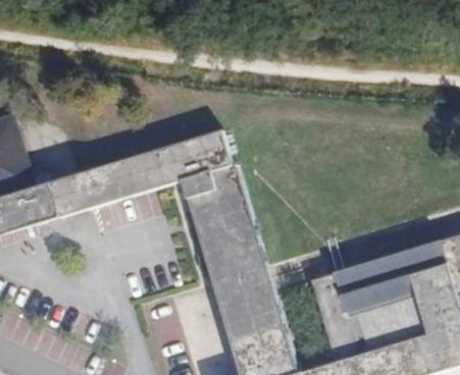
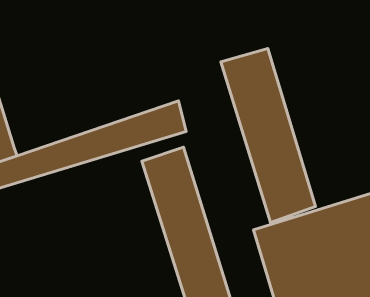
building: none -> [221,48,315,223]

